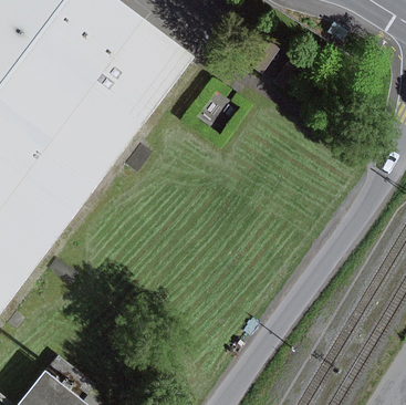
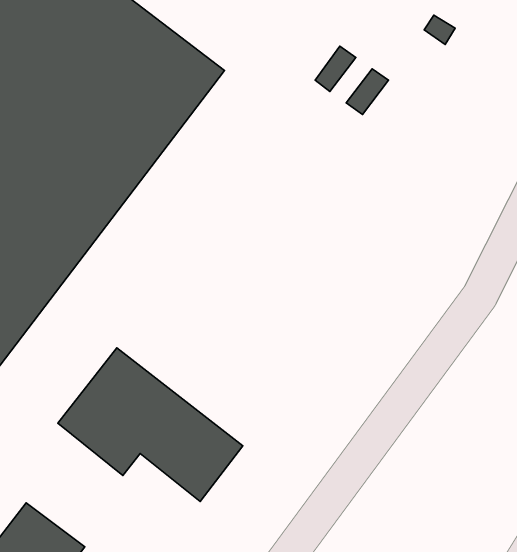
building: none -> [58,348,243,501]

